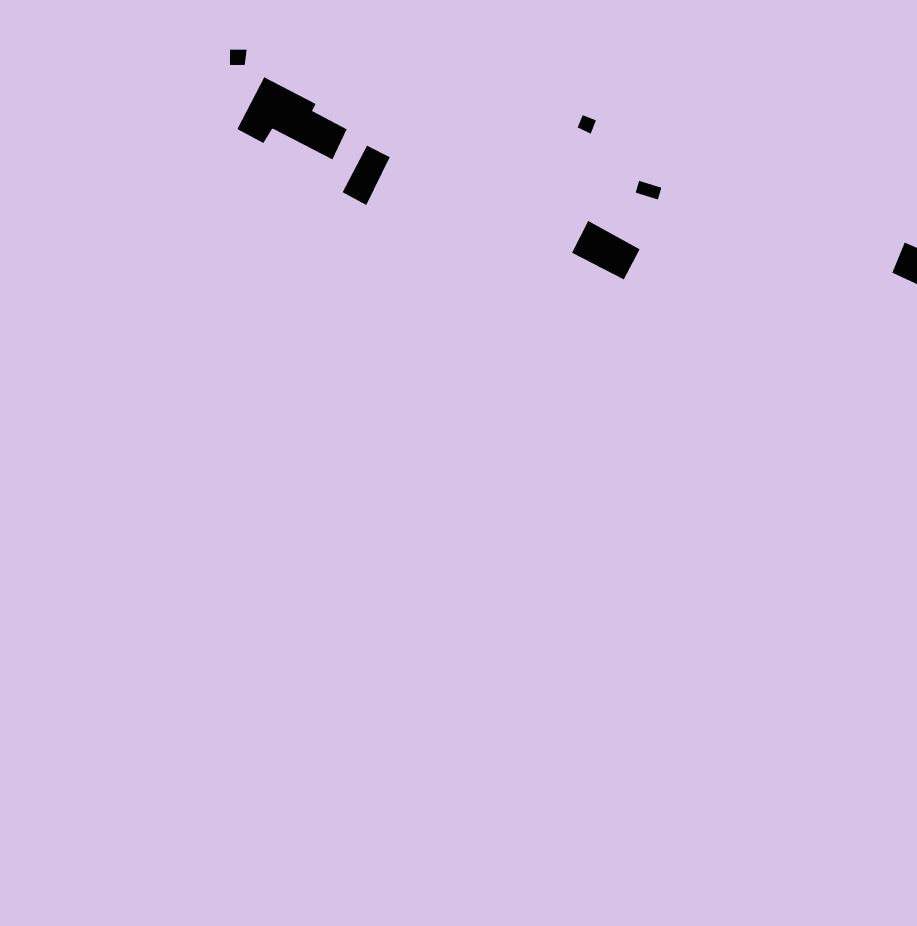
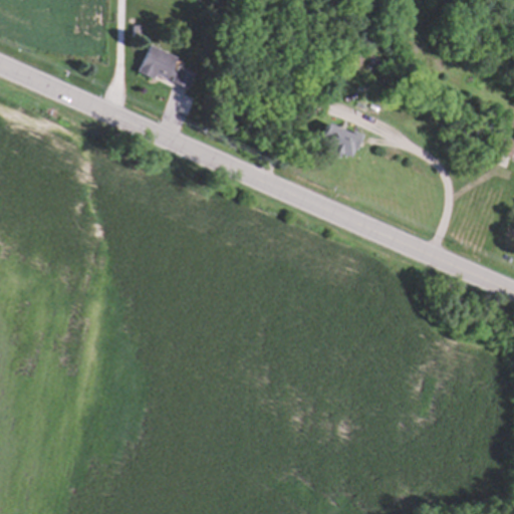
building: [342,145,390,206] -> none

